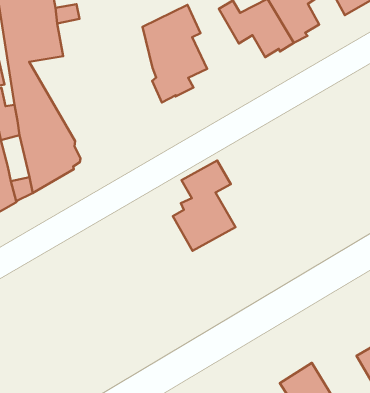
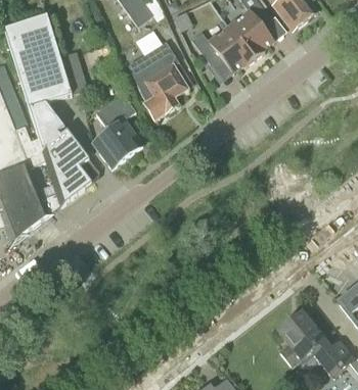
building: [173,161,235,251] -> [92,93,143,167]

